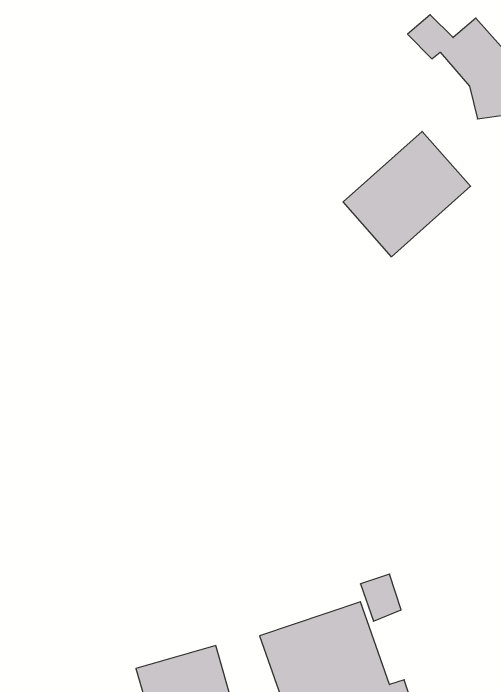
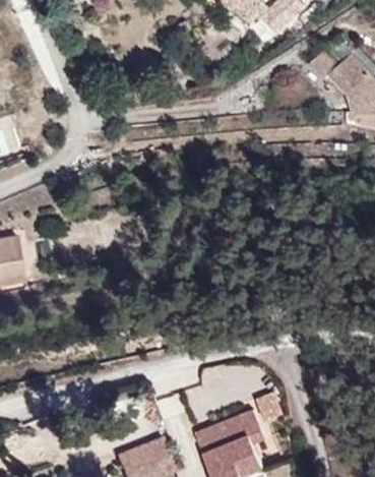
building: [343,131,471,257] -> none

